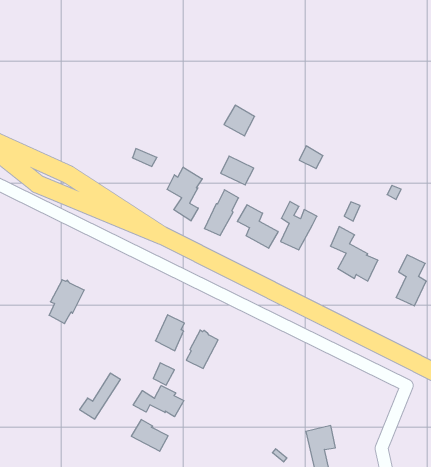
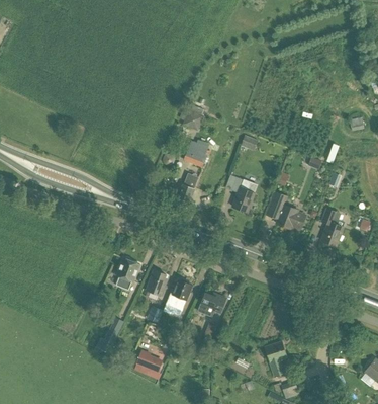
building: [167,167,202,221] -> none
building: [237,205,278,248] -> none
building: [49,280,84,324] -> [115,257,139,290]
building: none -> [196,293,225,316]
building: [133,386,184,417] -> none

